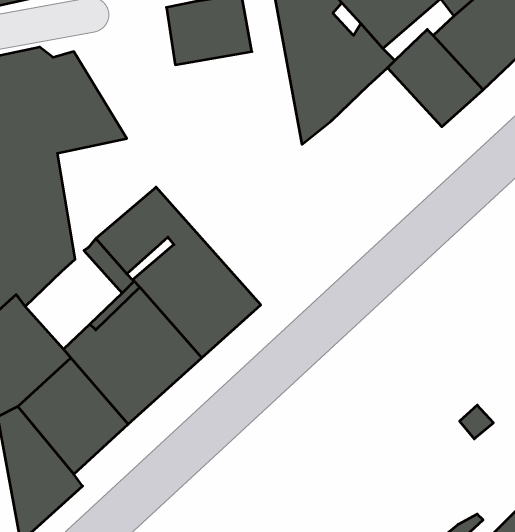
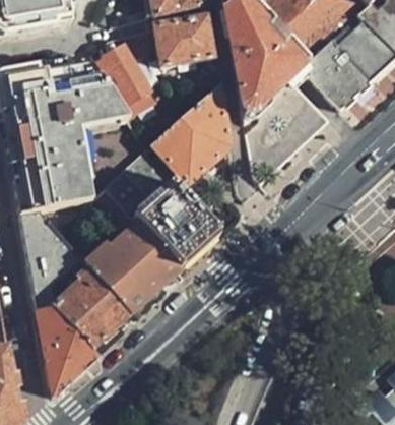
building: none -> [103,45,149,102]
building: none -> [247,80,330,183]
building: none -> [151,86,227,184]

